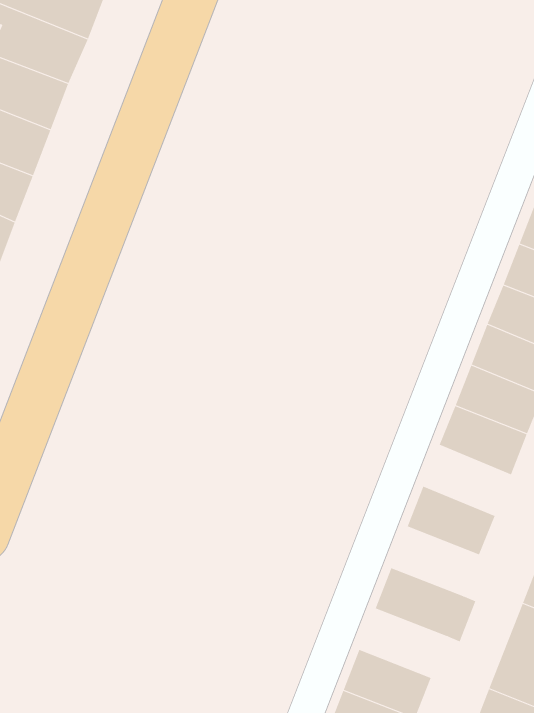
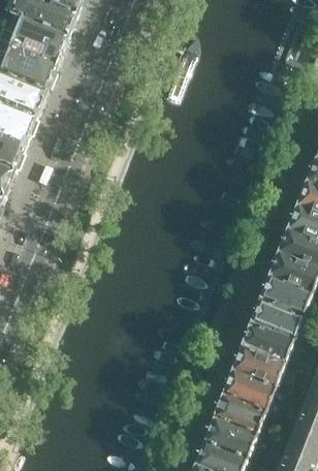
building: none -> [251,299,303,340]
building: none -> [232,346,284,386]
building: none -> [214,394,265,434]

